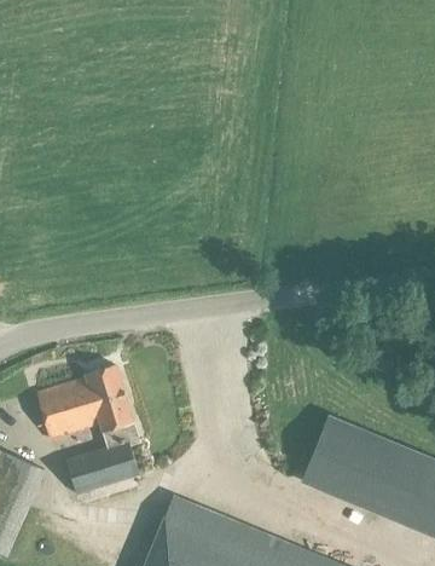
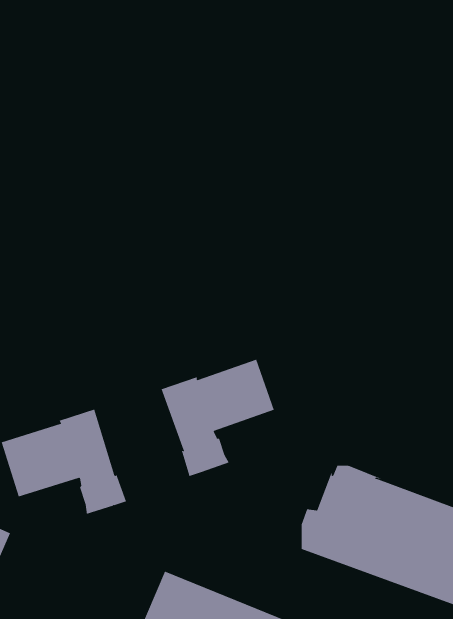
building: none -> [161,359,275,477]
building: [66,445,141,495] -> none

